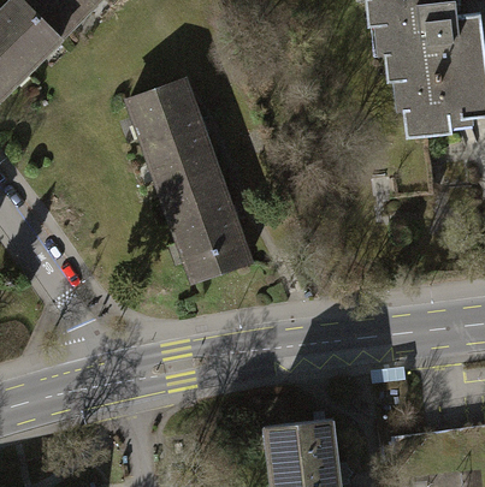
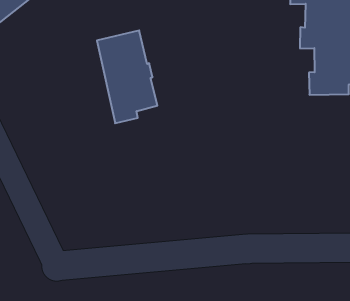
building: [164,172,247,283] -> none

